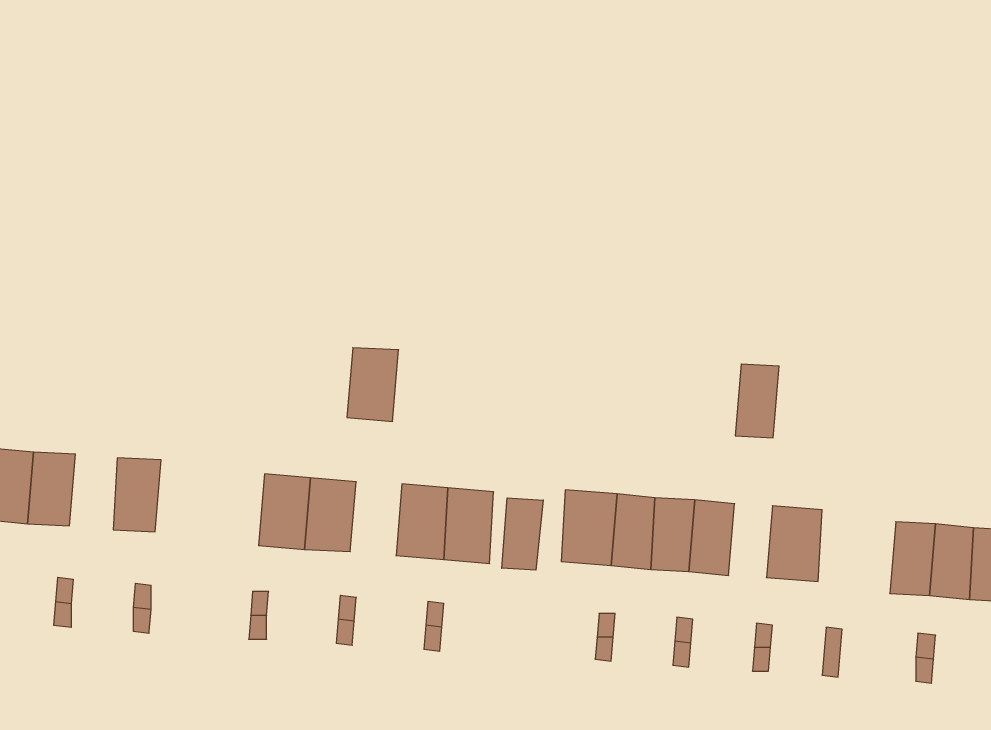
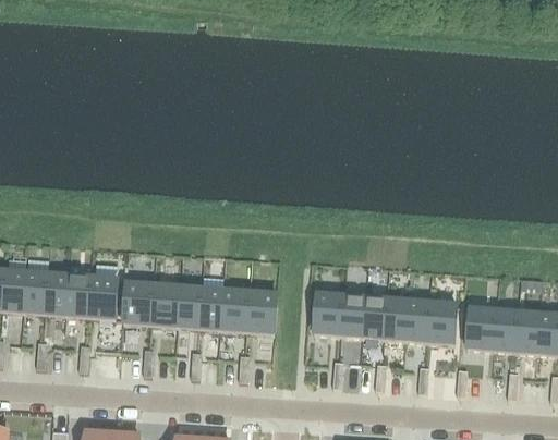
building: [347,348,399,421] -> [197,288,226,328]
building: [735,364,779,438] -> [404,300,428,340]
building: none -> [44,272,70,314]
building: none -> [90,276,117,317]
building: none -> [122,281,150,322]
building: [502,498,543,570] -> none
building: none -> [465,307,496,349]

